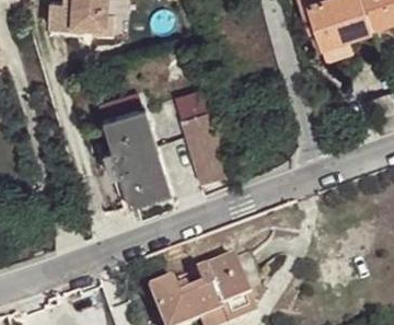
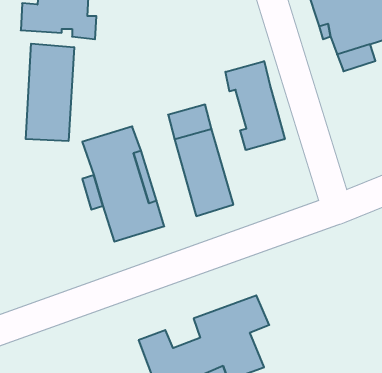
building: none -> [26,44,74,141]
building: none -> [225,61,285,150]

